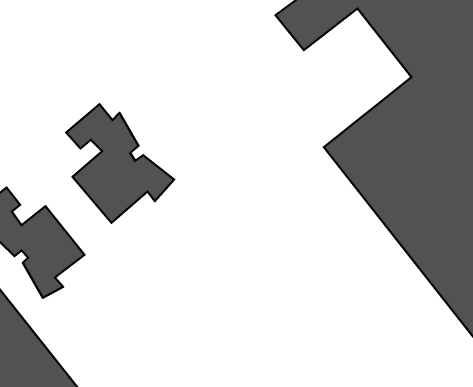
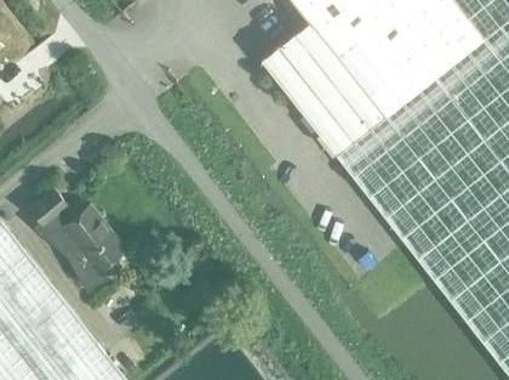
building: none -> [263,27,417,154]
building: [66,104,174,223] -> none

